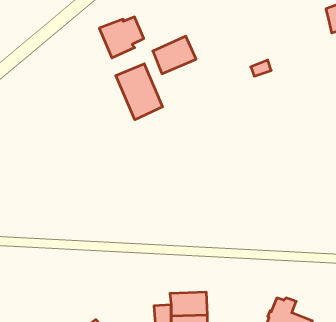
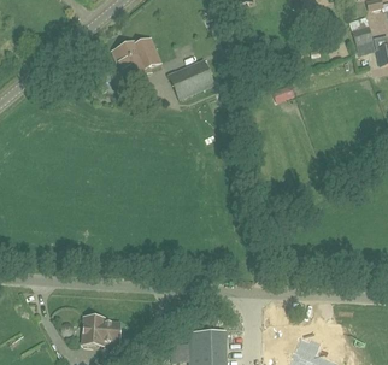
building: [116,64,162,120] -> none
building: none -> [81,316,118,343]

